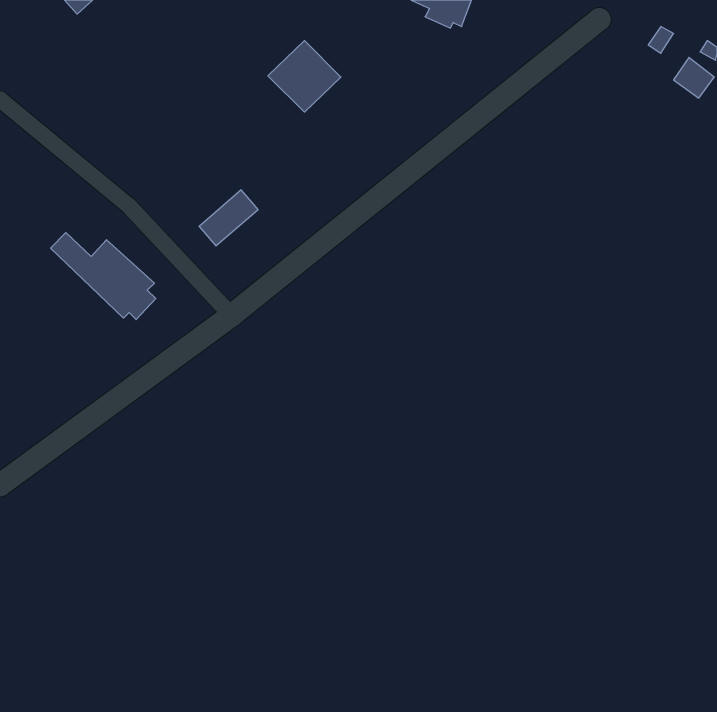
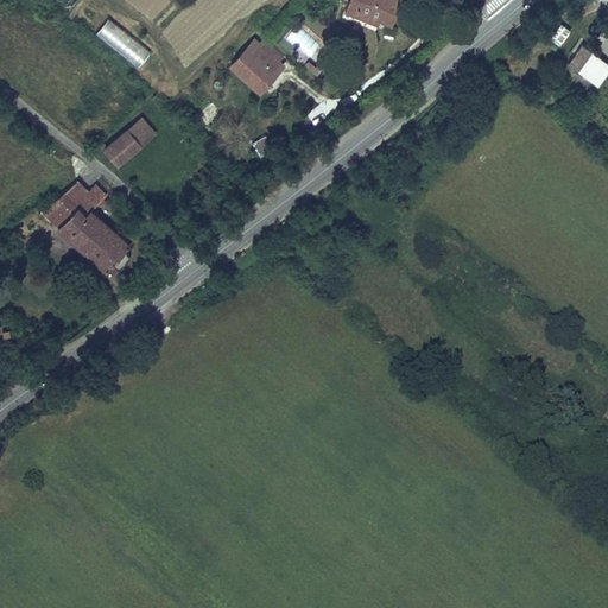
building: none -> [95,21,150,71]
building: [199,190,258,246] -> [104,118,154,165]
building: none -> [56,180,103,221]

